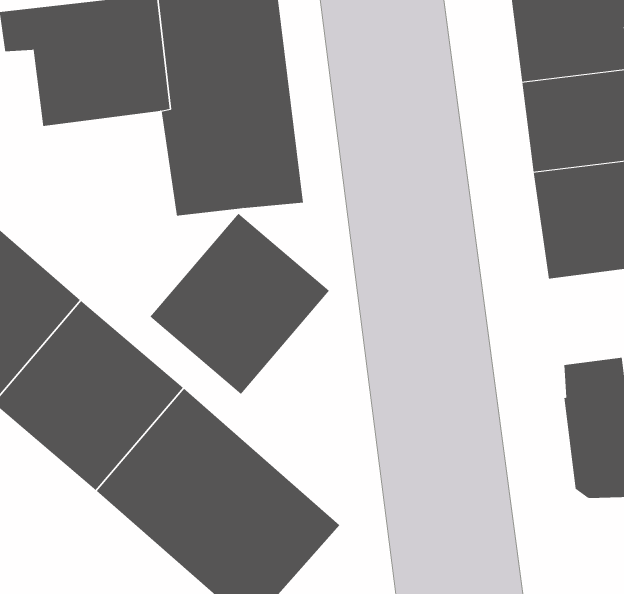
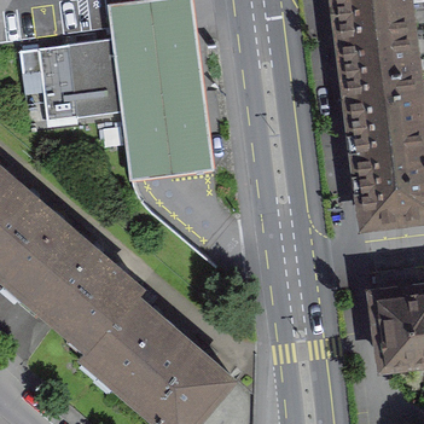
building: [150,213,330,395] -> none

